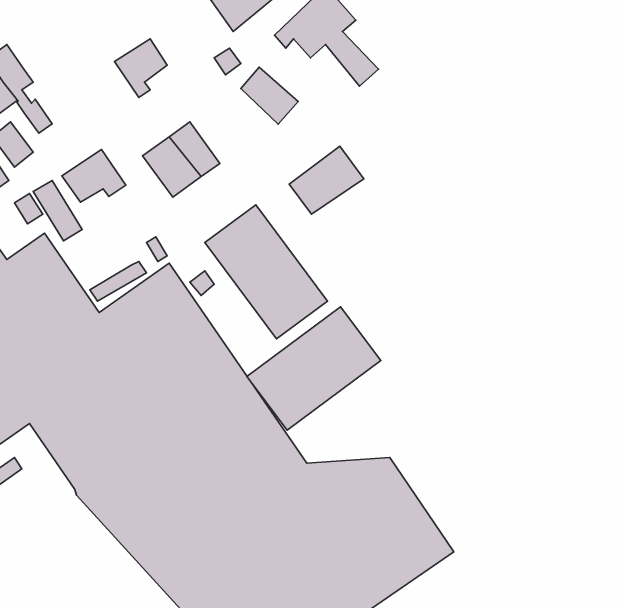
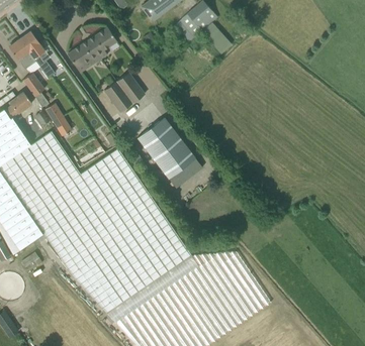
building: [241,67,298,124] -> none
building: [289,146,364,214] -> none
building: [62,149,126,202] -> [67,39,101,68]
building: [247,307,381,430] -> none

